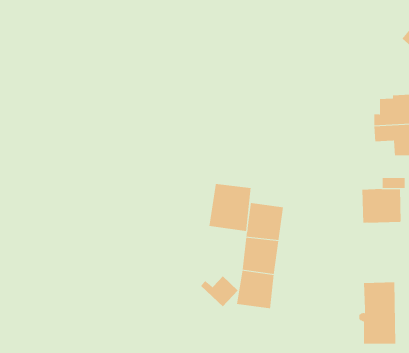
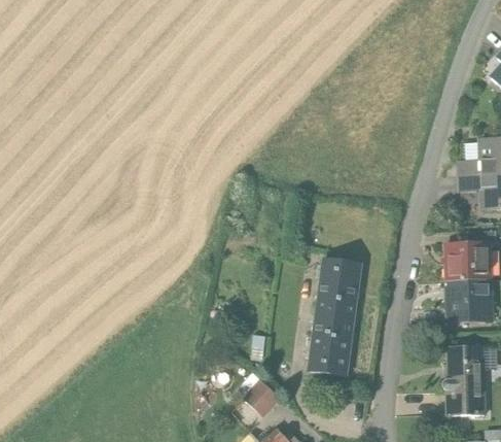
building: [209,183,251,232] -> none
building: none -> [448,280,489,322]
building: [200,275,239,307] -> [237,380,279,415]

